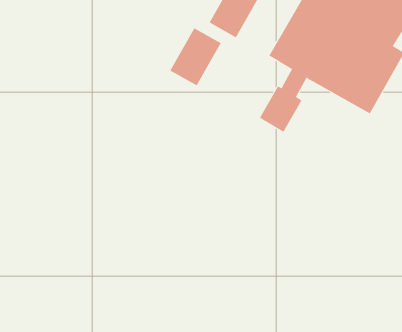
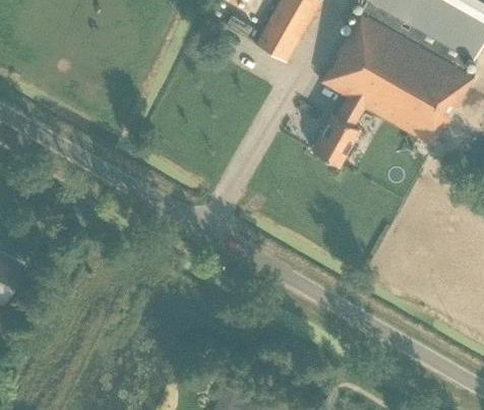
building: [169,27,221,86] -> none

